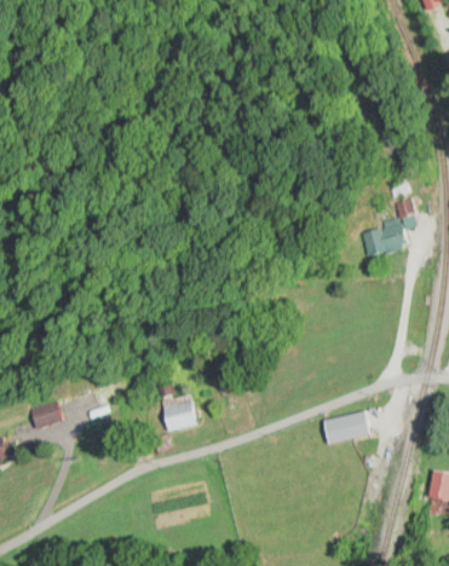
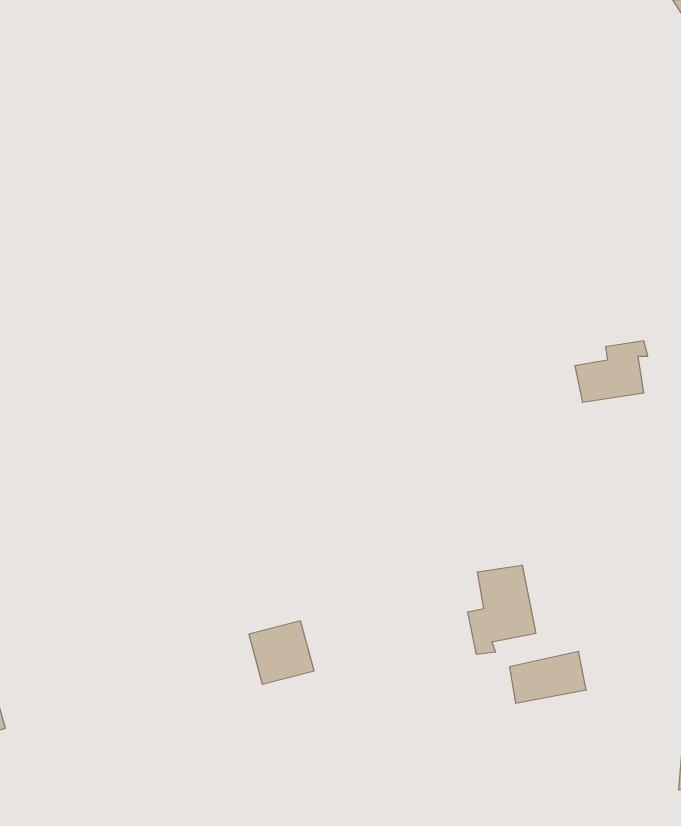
building: none -> [468,565,536,654]
building: [28,400,61,429] -> none

